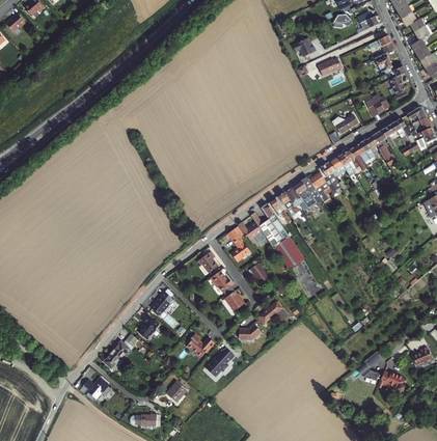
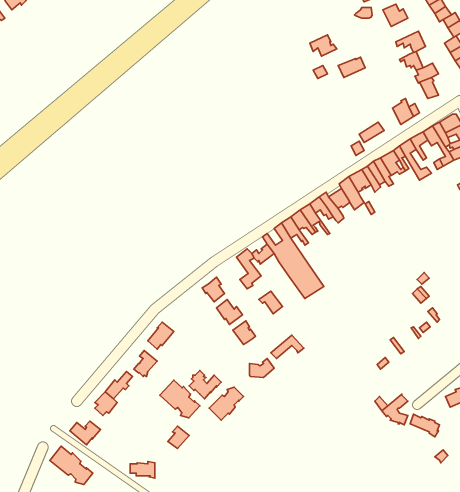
building: none -> [160,380,200,418]
building: none -> [50,446,93,485]

